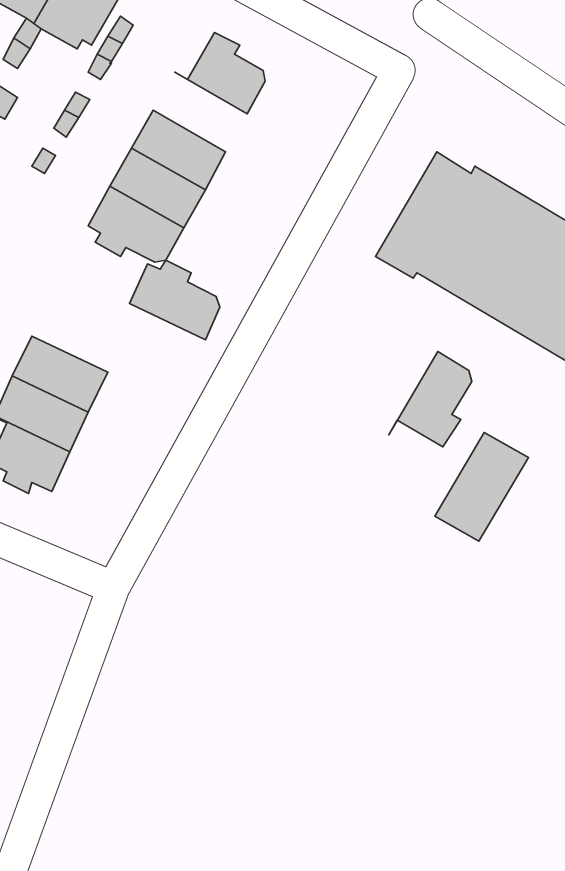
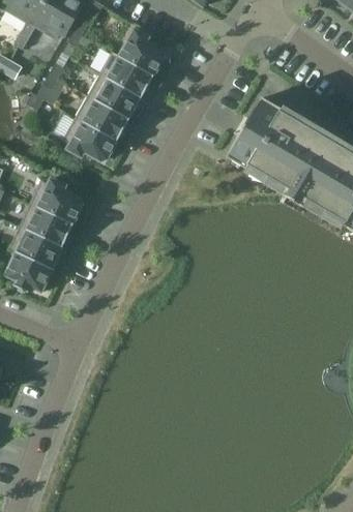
building: none -> [99,52,153,97]
building: [130,260,220,340] -> [30,178,82,223]
building: [389,351,472,447] -> none
building: [435,432,528,541] -> none

